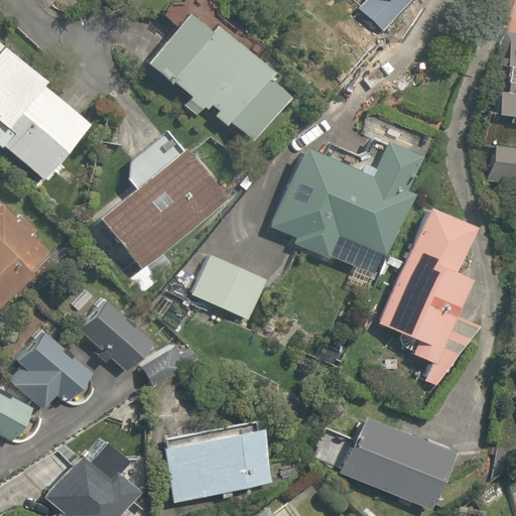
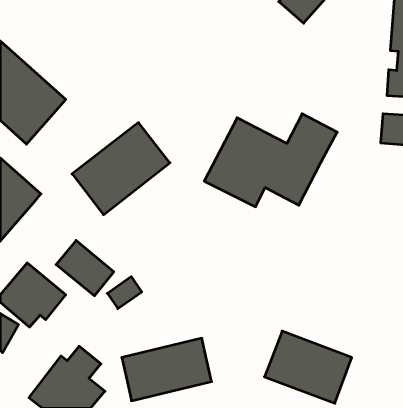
building: [148,9,297,144] -> none
building: [378,208,480,393] -> none
building: [195,252,270,315] -> none

